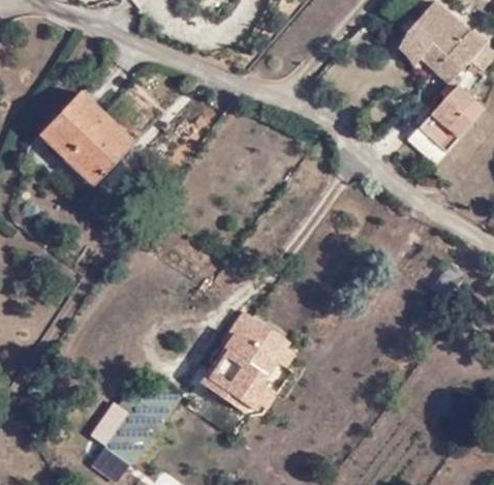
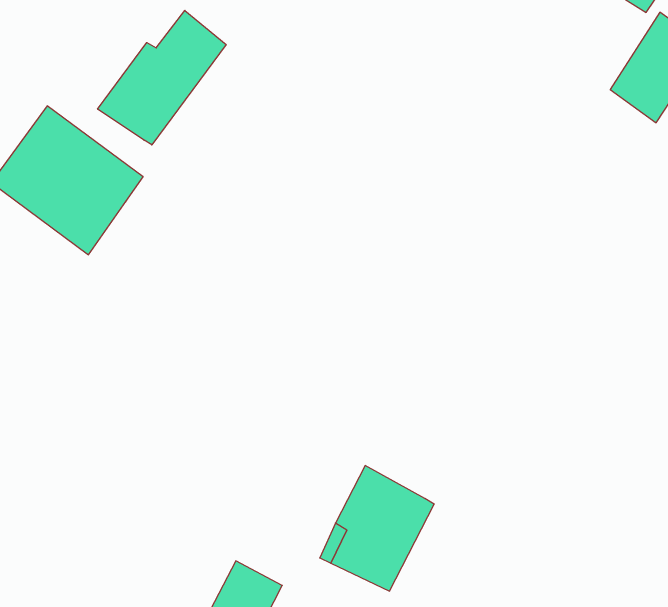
building: none -> [98,10,226,145]
building: [241,316,285,358] -> none

